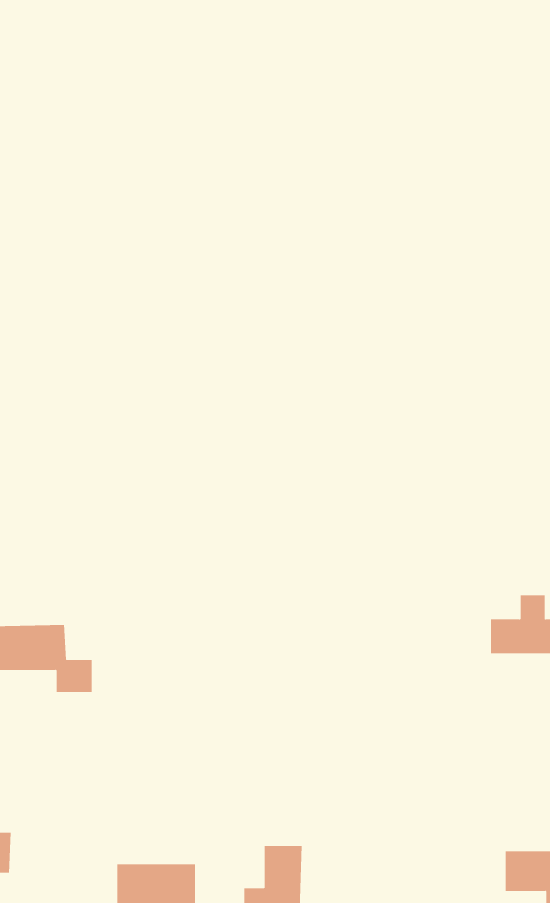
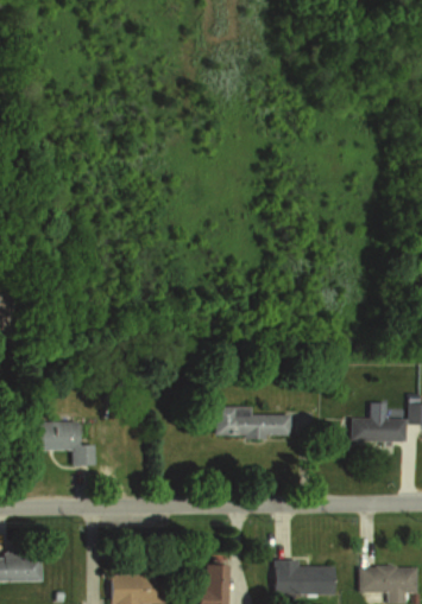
building: none -> [218,405,291,435]
building: none -> [275,562,333,595]

